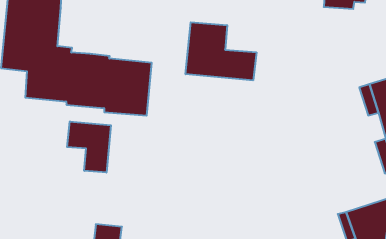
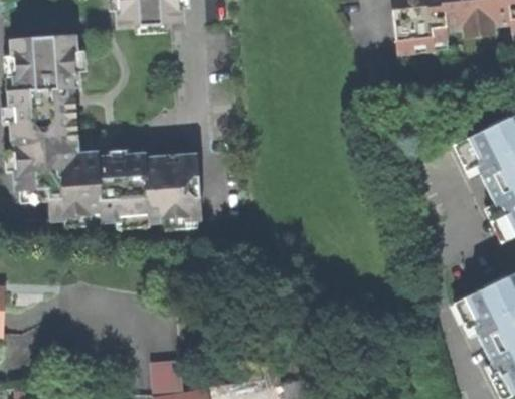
building: [186,22,256,80] -> none
building: [67,121,111,173] -> none

